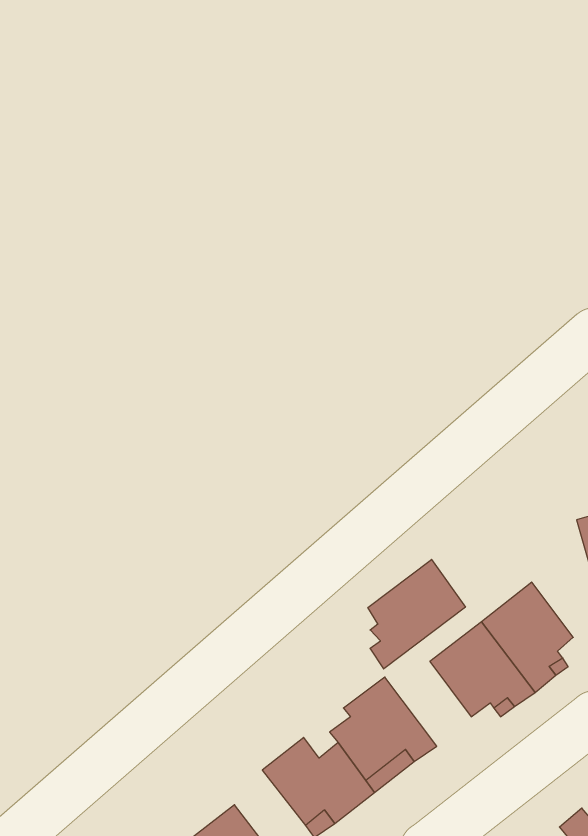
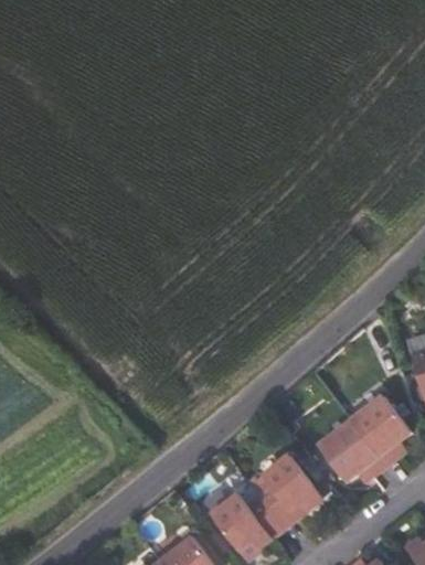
building: [368,559,465,669] -> none

